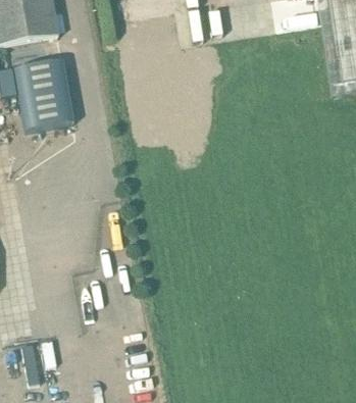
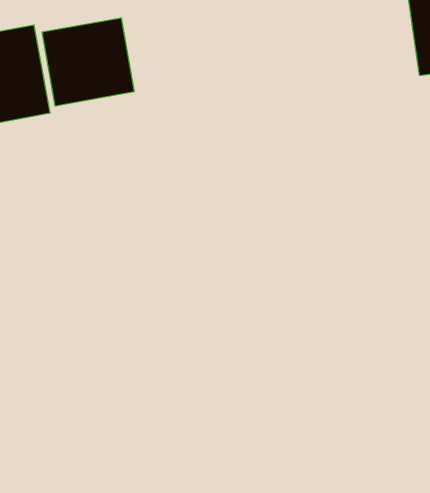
building: none -> [42,18,134,106]

